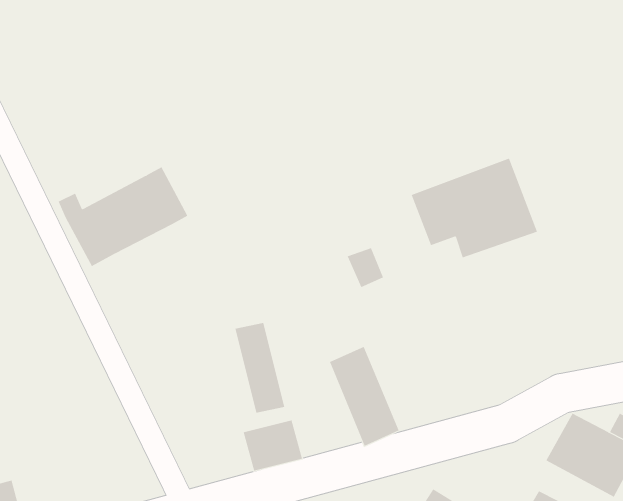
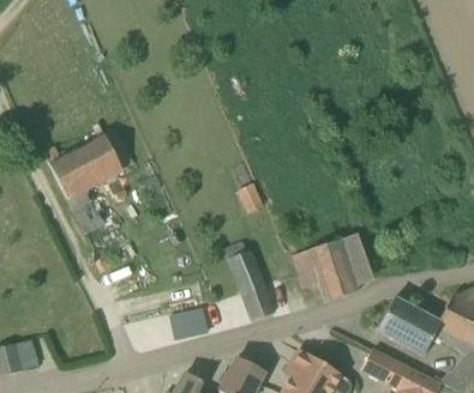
building: [411,158,538,258] -> [292,222,378,290]
building: [235,322,285,414] -> none

